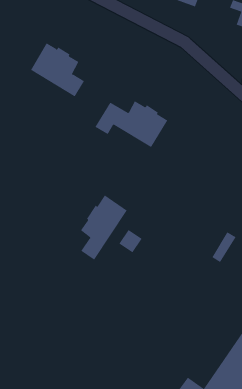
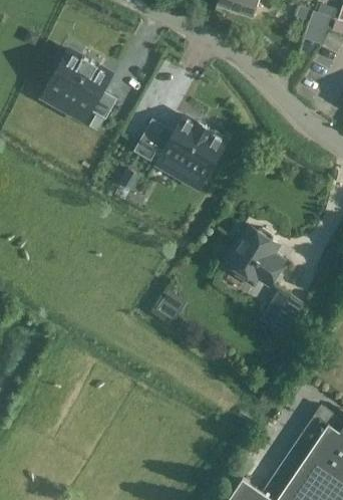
building: none -> [229,227,285,283]
building: [80,194,128,260] -> none

